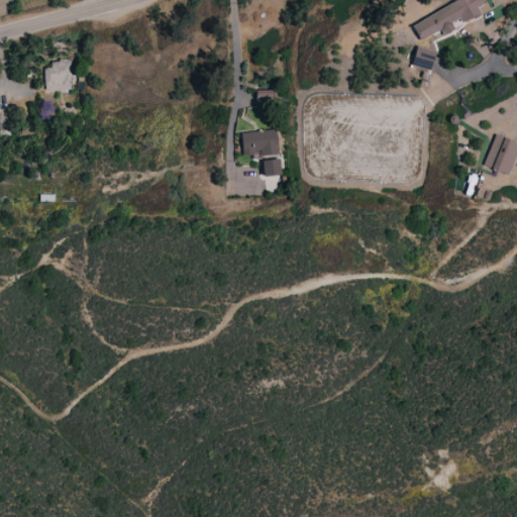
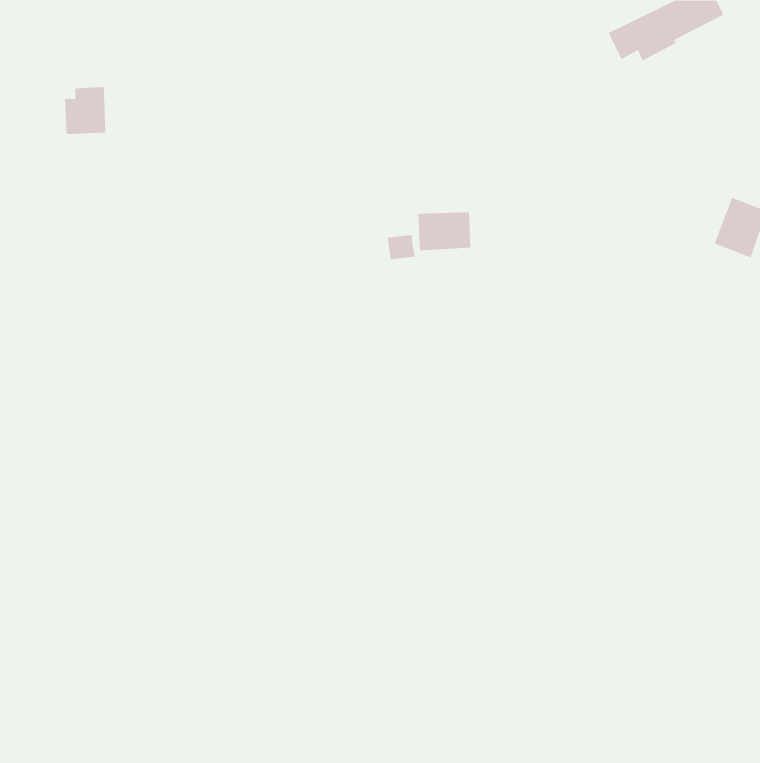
building: [413,45,438,71] -> none
building: [242,130,279,157] -> [418,212,471,251]

